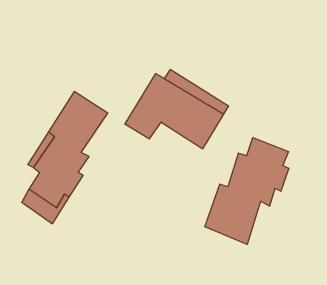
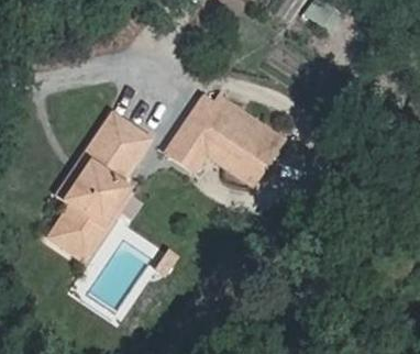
building: [205,138,289,244] -> none

